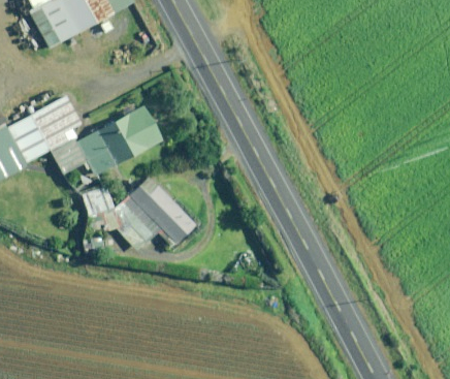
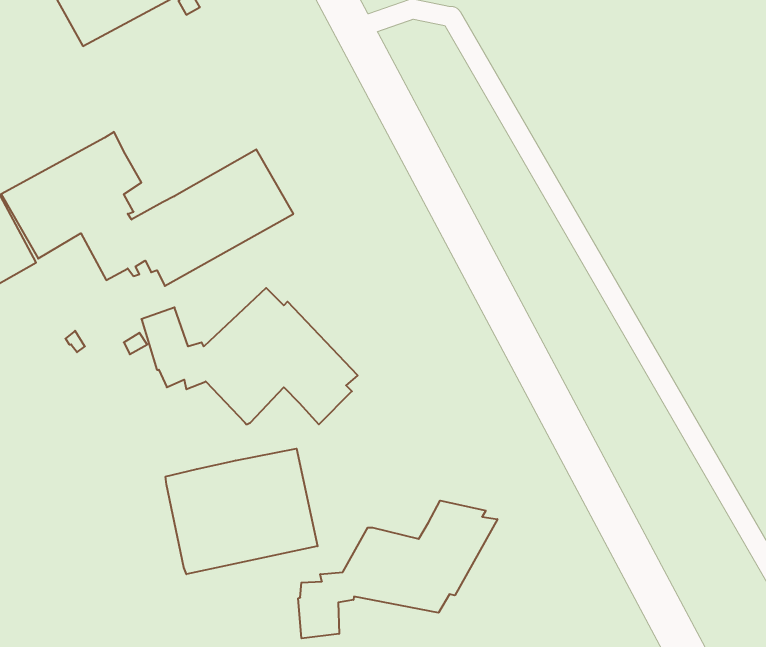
building: none -> [166,449,318,574]
building: none -> [298,501,497,638]

